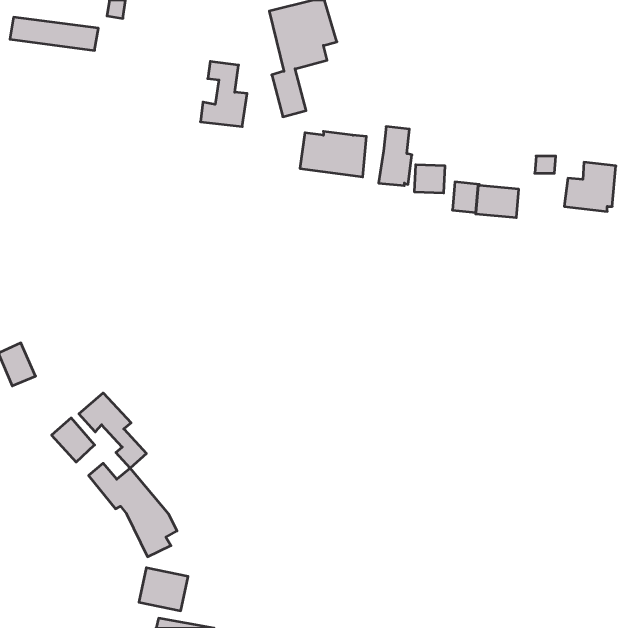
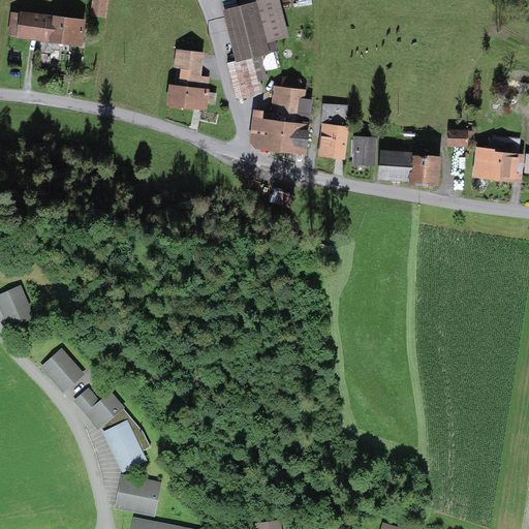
building: none -> [272,80,310,115]
building: [79,393,146,468] -> none

